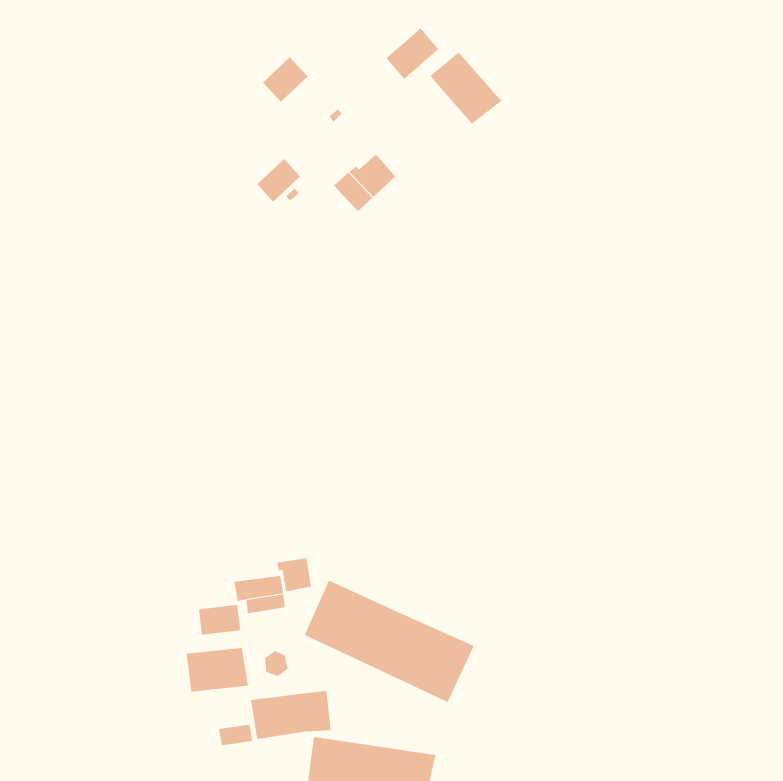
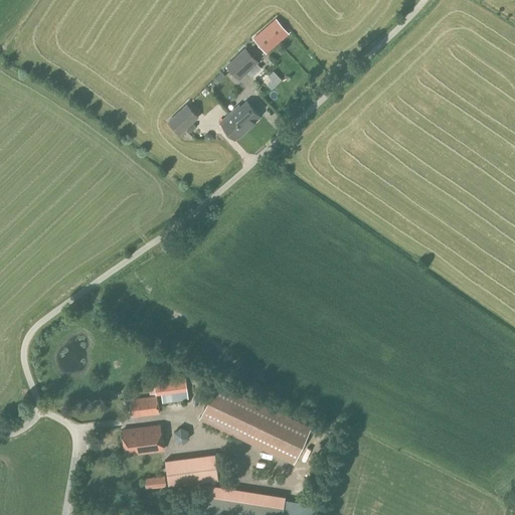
building: [429,51,502,125] -> none
building: [262,57,308,103] -> [226,49,256,79]
building: [277,558,311,592] -> none

